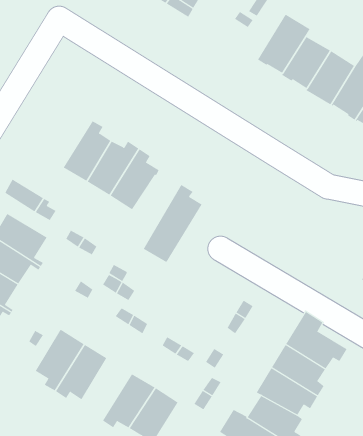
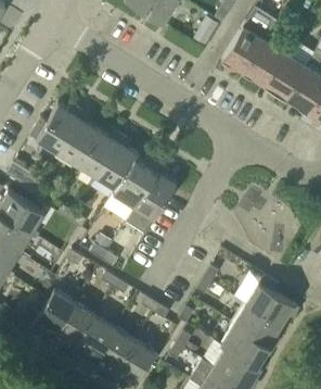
building: none -> [29,104,81,152]
building: none -> [113,159,157,206]
building: none -> [73,315,115,368]

